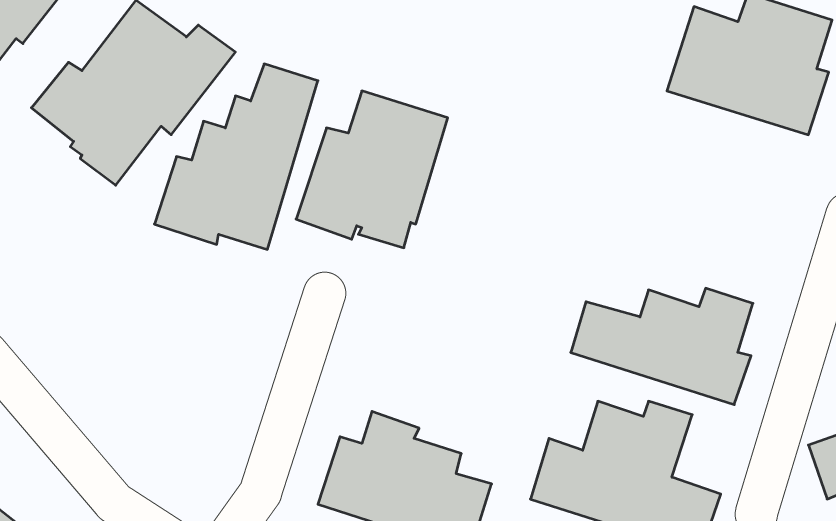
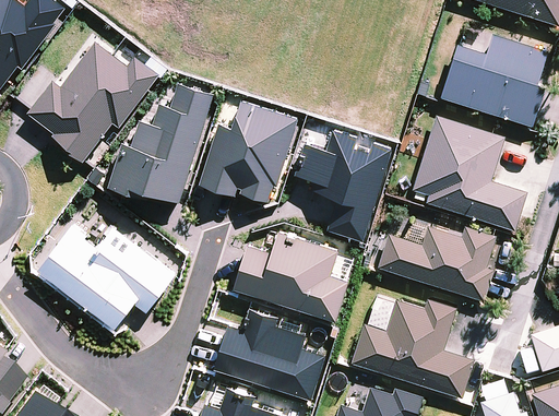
building: none -> [412,116,526,233]
building: none -> [294,130,392,239]
building: none -> [37,222,175,326]
building: none -> [233,231,349,321]

